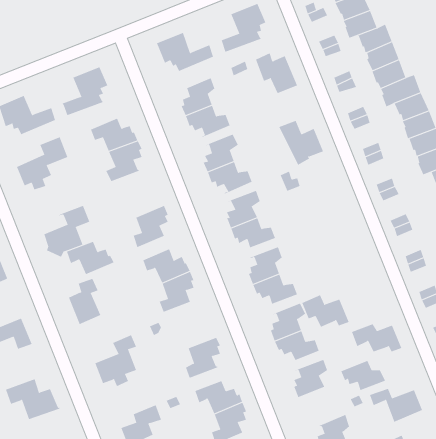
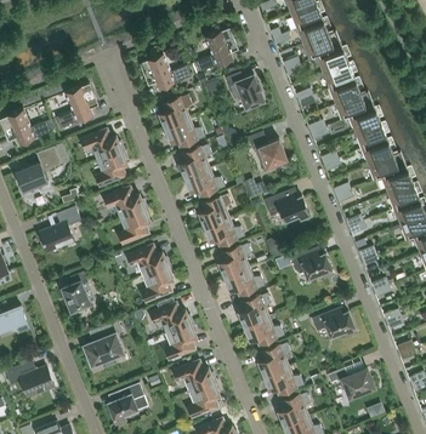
building: none -> [266,193,311,222]
building: [66,241,114,275] -> [104,188,147,218]
building: [301,295,349,328] -> [291,251,334,280]
building: none -> [150,303,193,333]
building: [341,360,386,392] -> [265,367,305,395]

